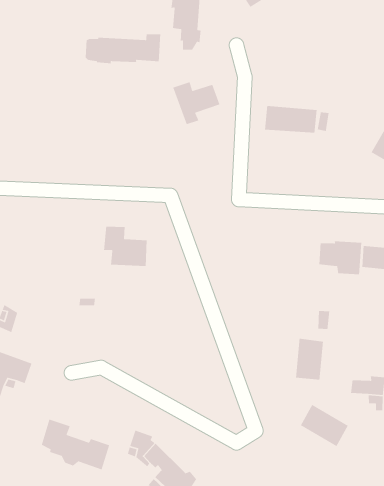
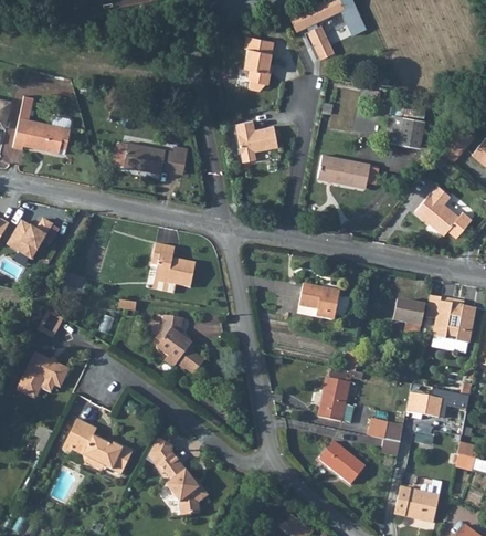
building: [85,33,161,64] -> [116,143,191,175]
building: none -> [389,115,430,150]
building: [318,240,362,275] -> [299,285,344,322]
building: none -> [158,323,205,380]

